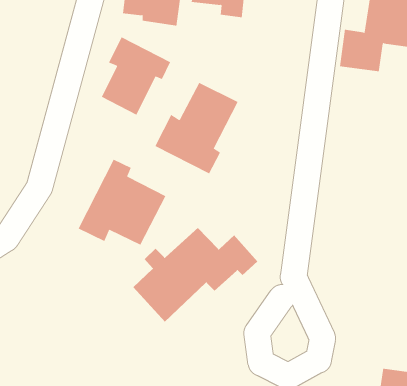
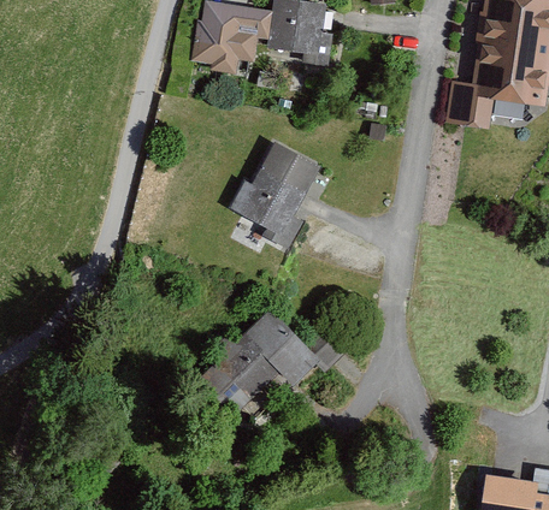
building: [101,37,171,115] -> none
building: [78,159,166,246] -> none

